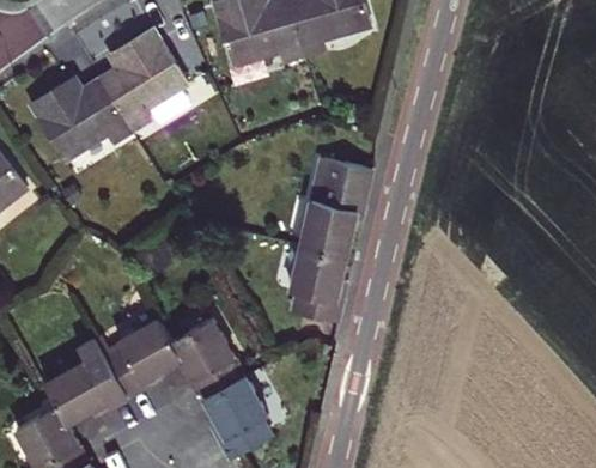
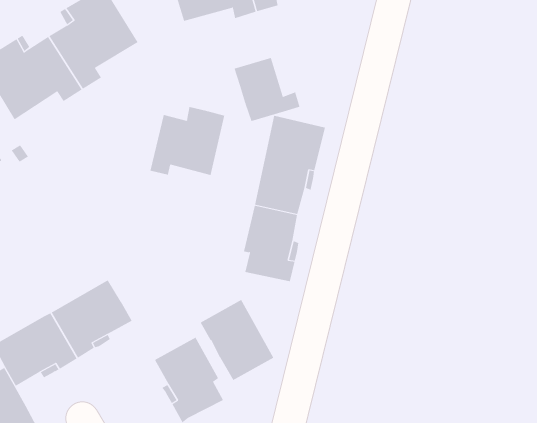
building: none -> [234,57,300,122]
building: none -> [150,106,225,176]
building: [171,317,244,397] -> [200,299,274,381]

